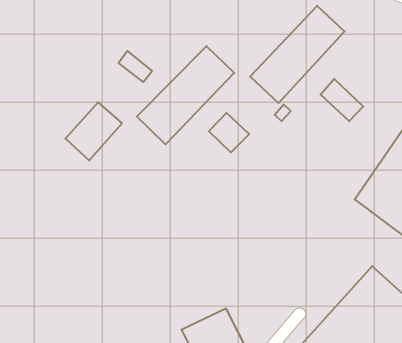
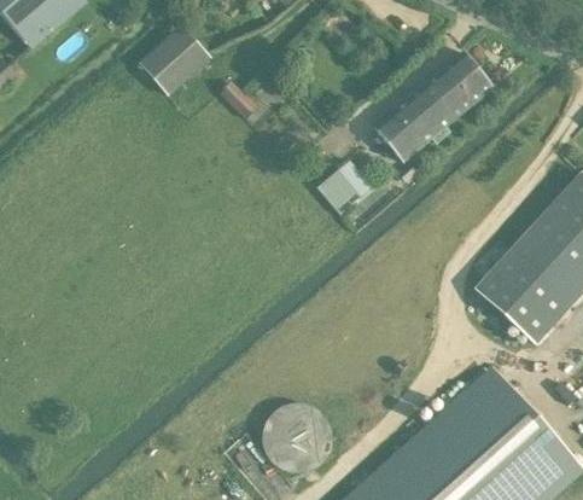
building: [137,46,234,144] -> none
building: [320,79,363,121] -> none
building: [65,102,122,161] -> [139,27,208,94]

